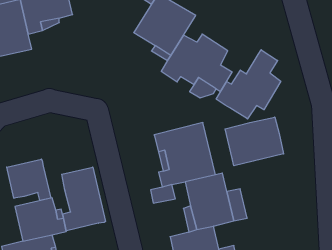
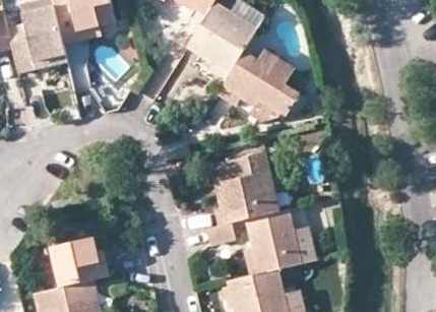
building: [216,50,281,119] -> none
building: [225,117,284,166] -> none
building: [7,159,51,200] -> none
building: [62,167,105,231] -> none

